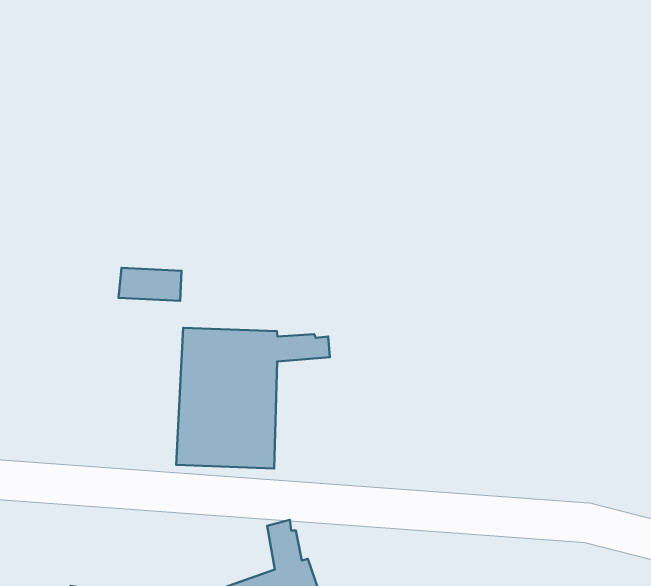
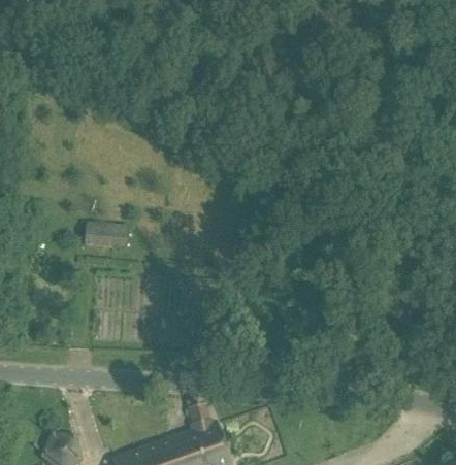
building: [176,328,330,468] -> none

